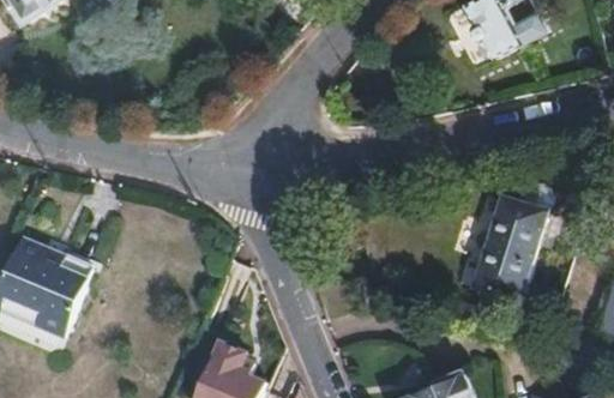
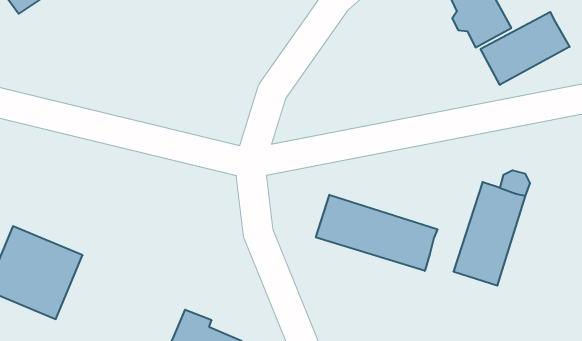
building: none -> [481,12,570,85]
building: none -> [316,195,437,271]

